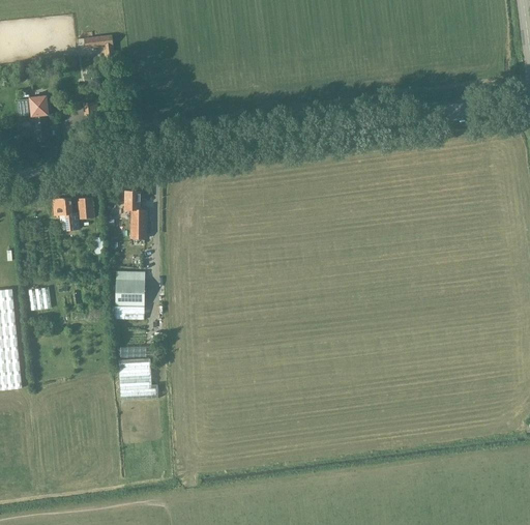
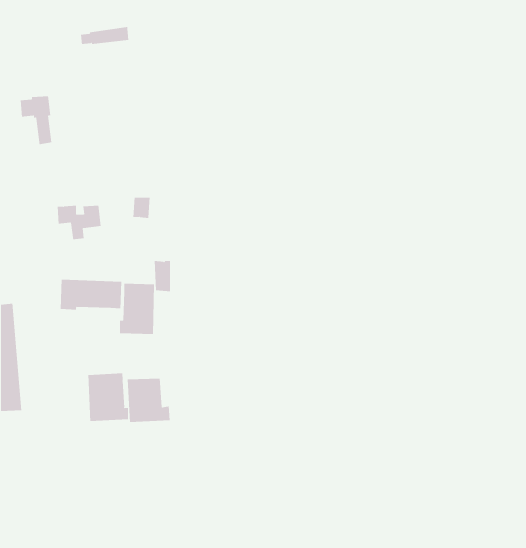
building: [129,209,145,238] -> [154,261,171,292]
building: none -> [60,279,122,310]
building: none -> [88,373,129,422]

